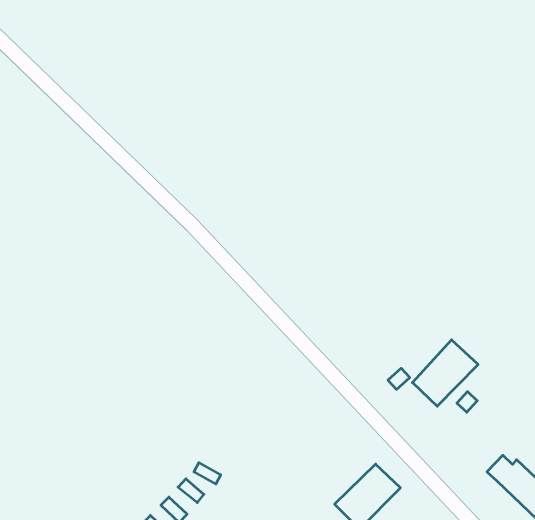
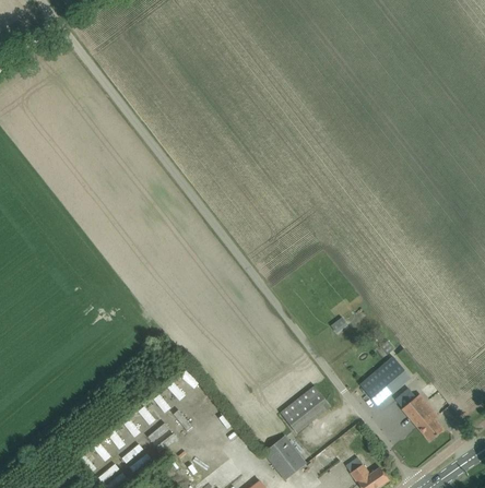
building: [412,340,478,406] -> [360,357,411,405]

